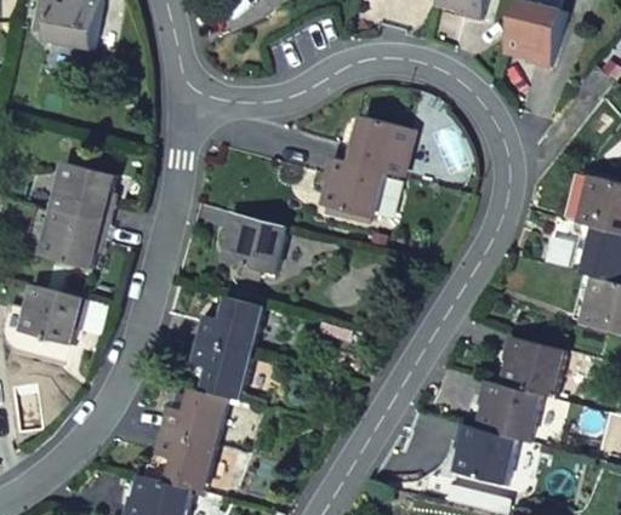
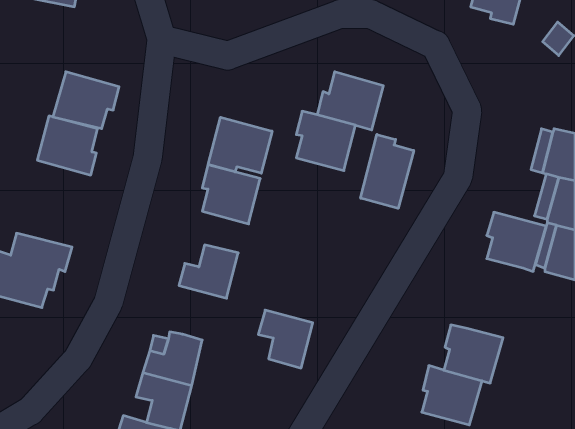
building: none -> [208,117,272,173]
building: none -> [361,134,414,208]
building: [39,208,108,268] -> [53,72,119,129]
building: [501,336,563,397] -> [487,212,546,271]
building: [193,339,250,400] -> [258,310,313,368]

